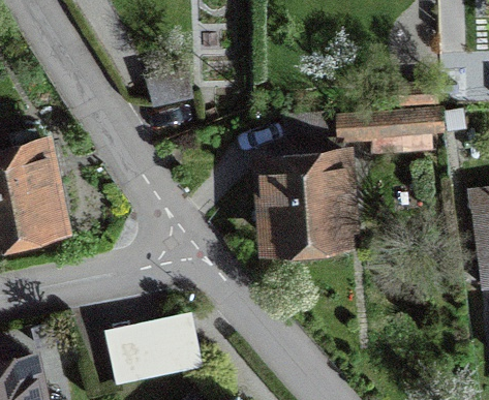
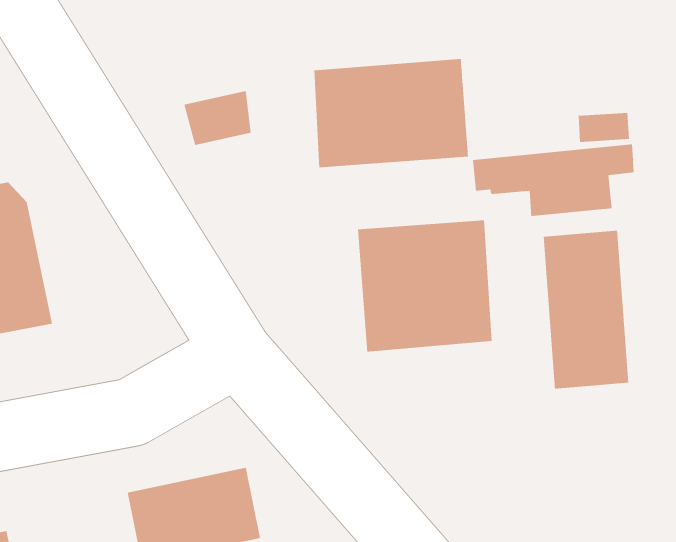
building: none -> [314,58,468,168]
building: none -> [543,230,629,390]

